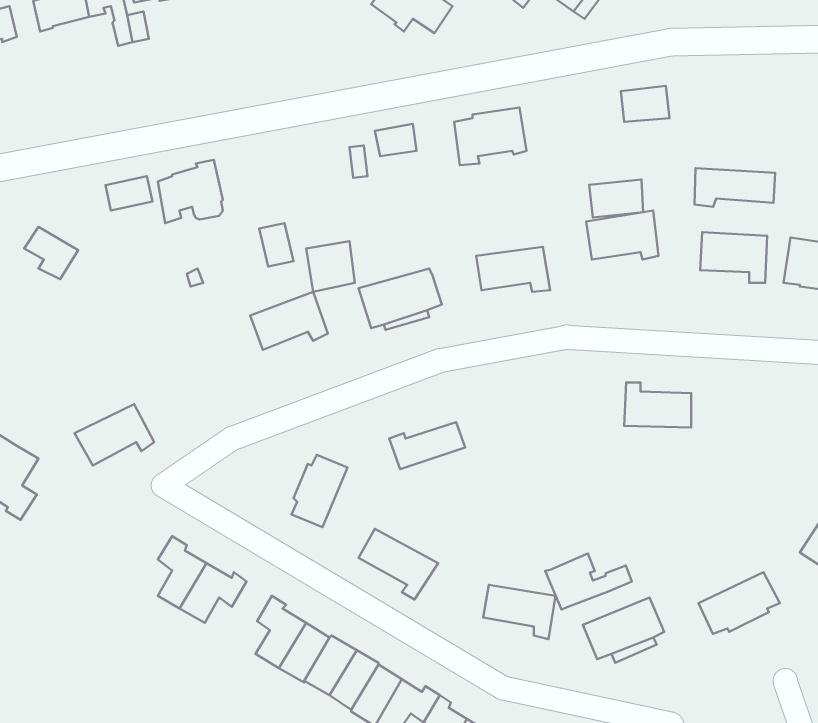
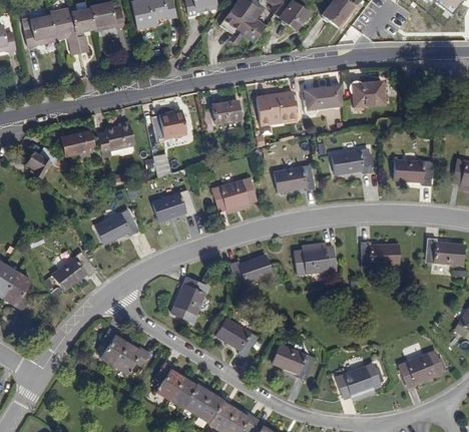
building: [694,168,775,207] -> none
building: [589,180,643,218] -> [310,84,340,105]
building: [306,241,355,292] -> [162,108,189,136]
building: none -> [96,211,142,246]
building: none -> [420,240,459,267]
building: none -> [293,249,333,273]
building: [545,554,632,610] -> none

